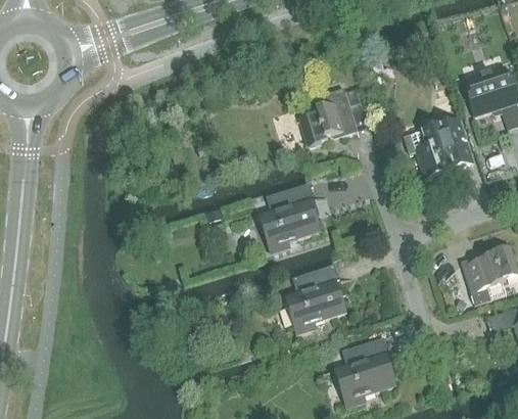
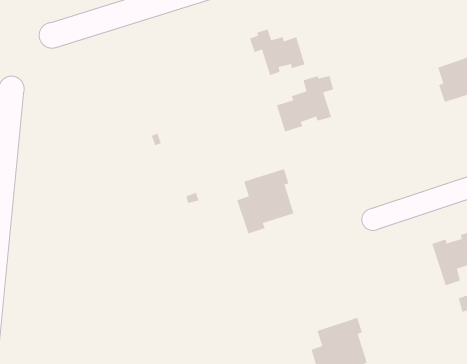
building: none -> [249,28,306,76]
building: [403,120,473,179] -> none
building: [285,265,345,333] -> none

